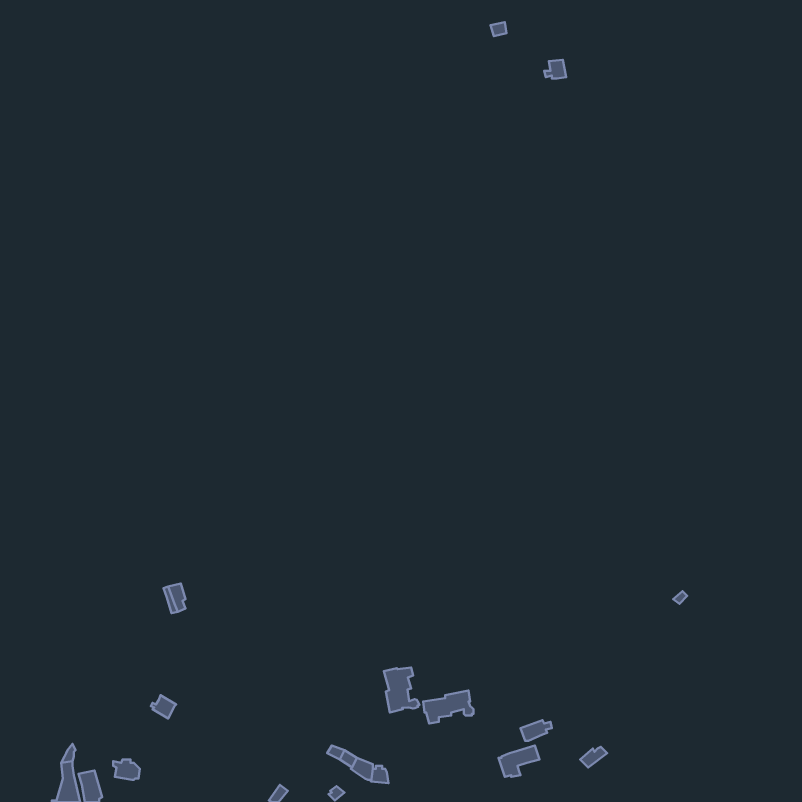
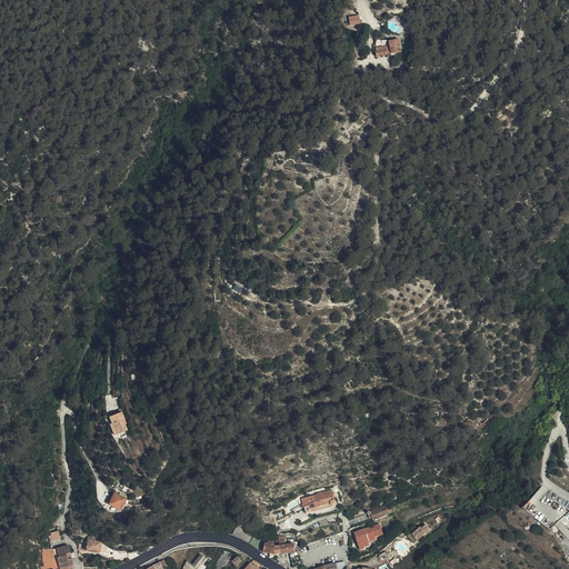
building: [384,667,419,712] -> none

